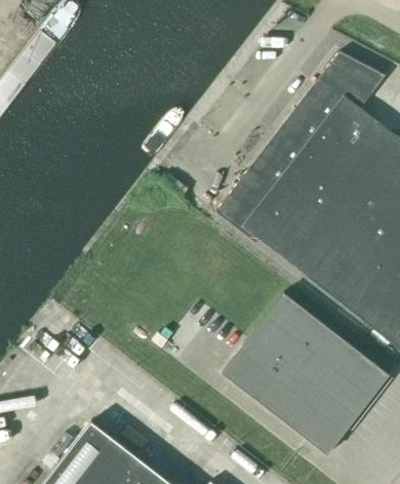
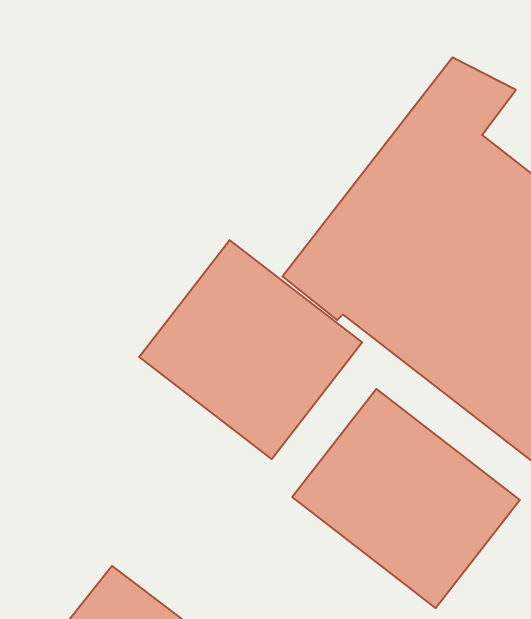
building: none -> [139,240,362,459]

